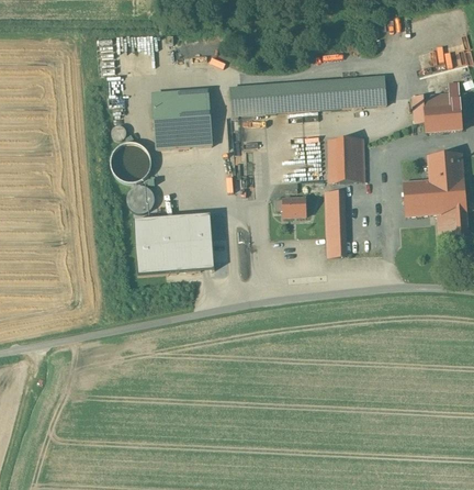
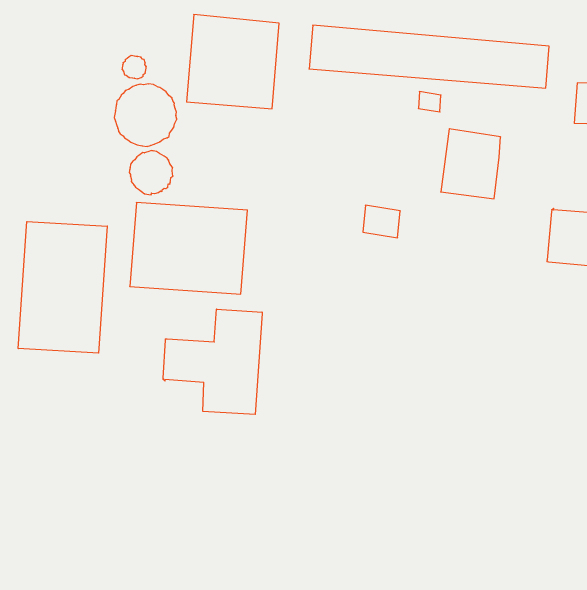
building: [325,190,347,256] -> none
building: none -> [18,222,107,353]
building: none -> [163,309,262,414]

